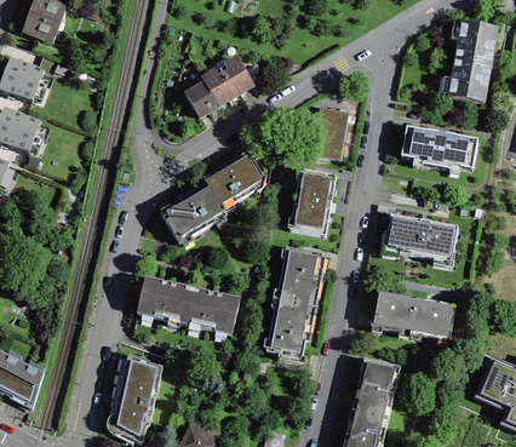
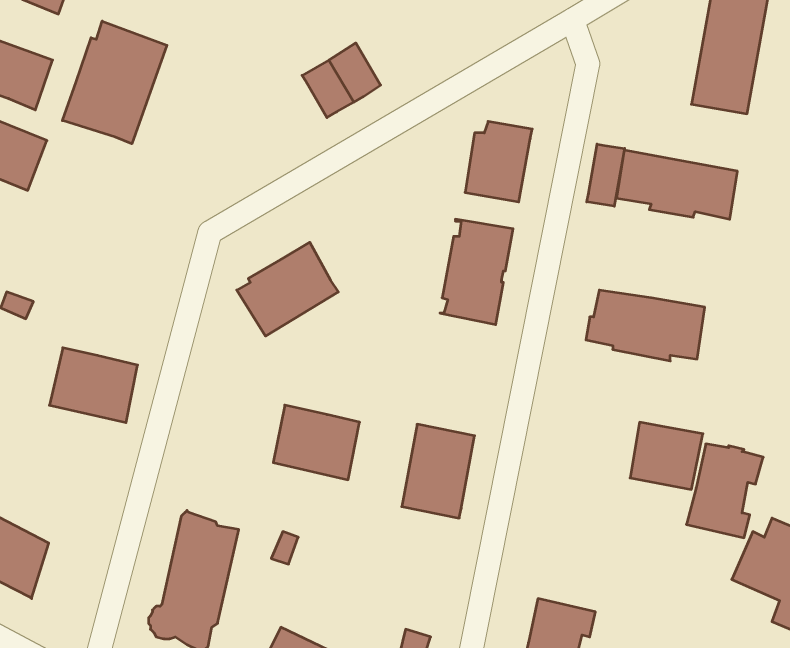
building: none -> [62,21,167,144]
building: [185,82,218,118] -> none
building: none -> [587,144,625,206]
building: [203,151,262,208] -> none
building: [275,247,321,306] -> none
building: [136,276,191,323] -> [49,348,138,423]
building: [369,291,415,333] -> none
building: [351,359,400,418] -> [686,444,763,538]

